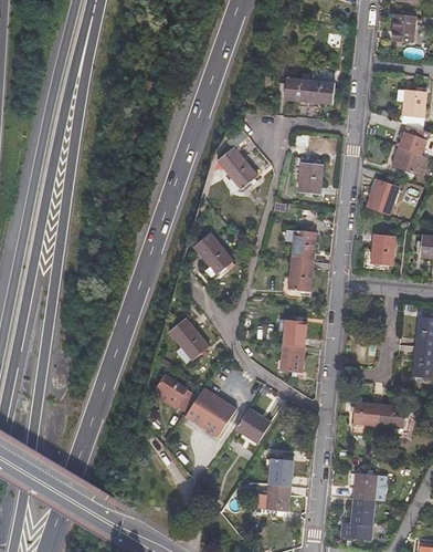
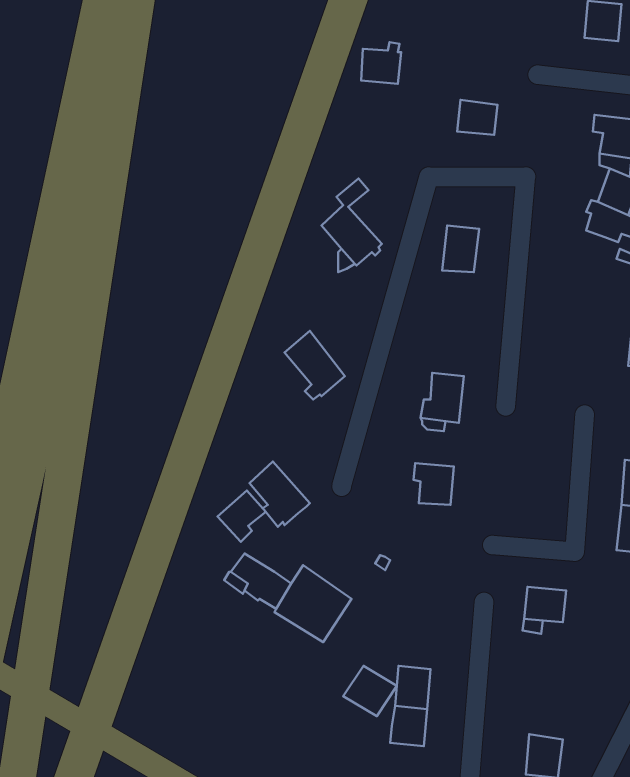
building: [283,72,309,100] -> [361,42,401,84]
building: [366,177,397,213] -> none
building: [285,227,315,261] -> none
building: [370,232,394,264] -> none
building: none -> [217,490,266,542]
building: [279,345,303,372] -> none
building: [377,403,408,435] -> none
building: [234,408,270,441] -> [343,666,397,716]
building: [355,473,389,502] -> none

